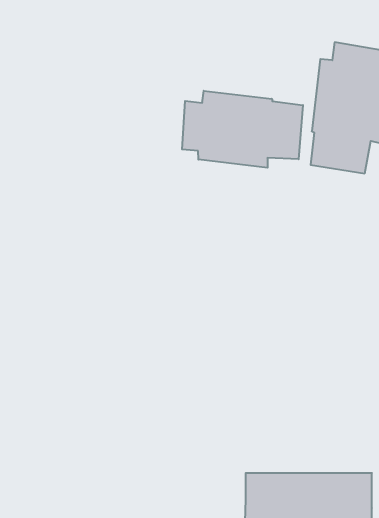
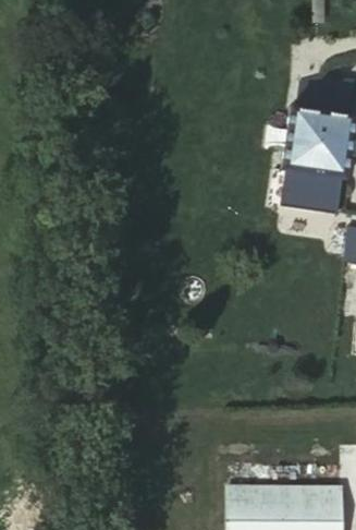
building: [182,91,303,168] -> none

